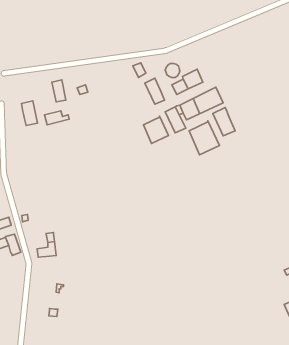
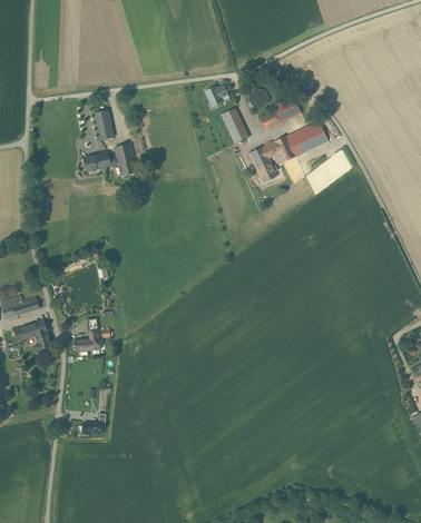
building: [21,101,38,125] -> [115,142,137,176]
building: [213,108,235,136] -> none
building: [144,116,168,143] -> none
building: [189,121,219,155] -> none

